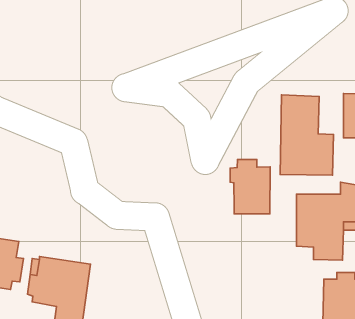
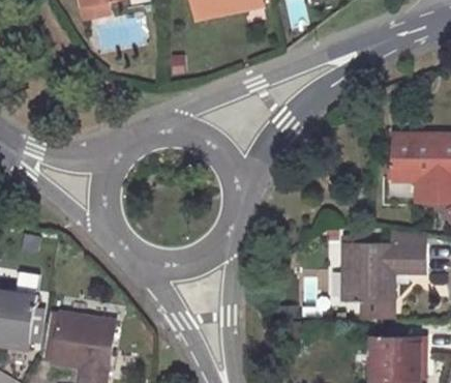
building: [280,95,333,175] -> none
building: [230,159,270,214] -> none

